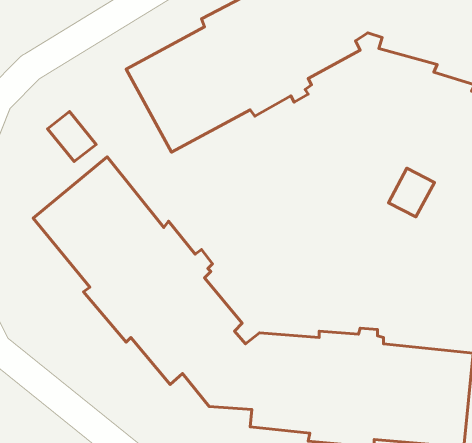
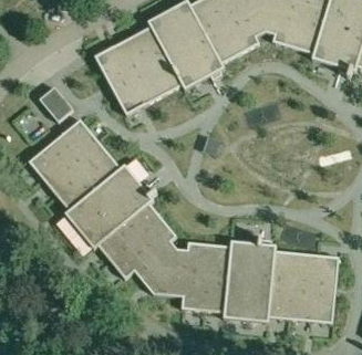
building: [388,168,434,217] -> none

